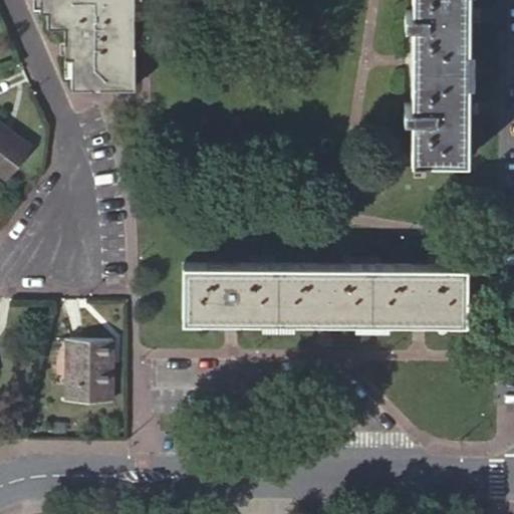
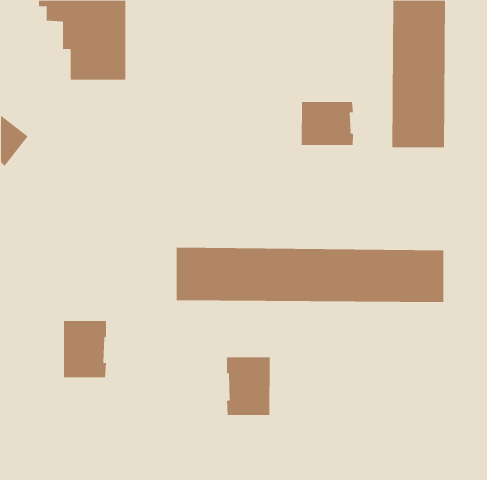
building: none -> [301,101,354,146]
building: none -> [226,357,270,416]

